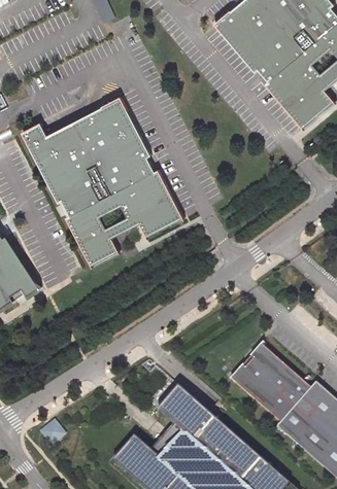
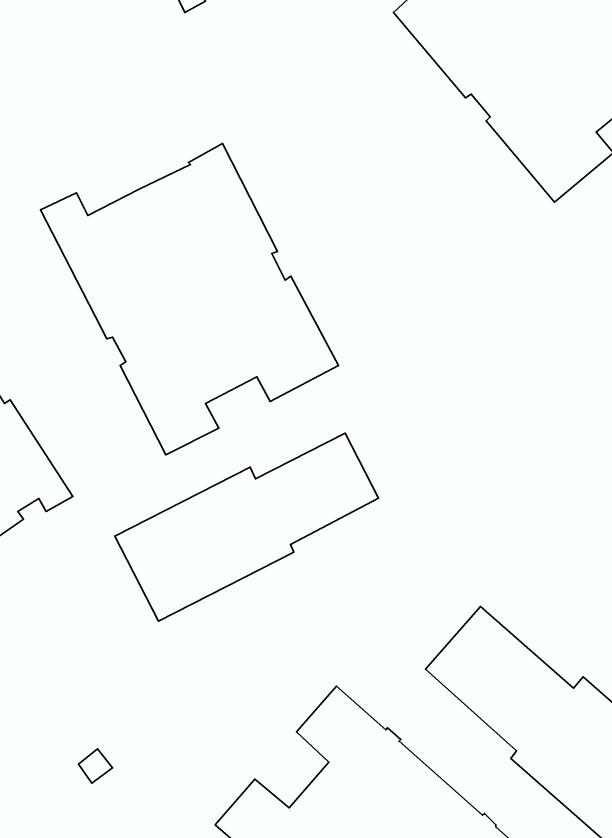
building: none -> [115,433,379,621]

